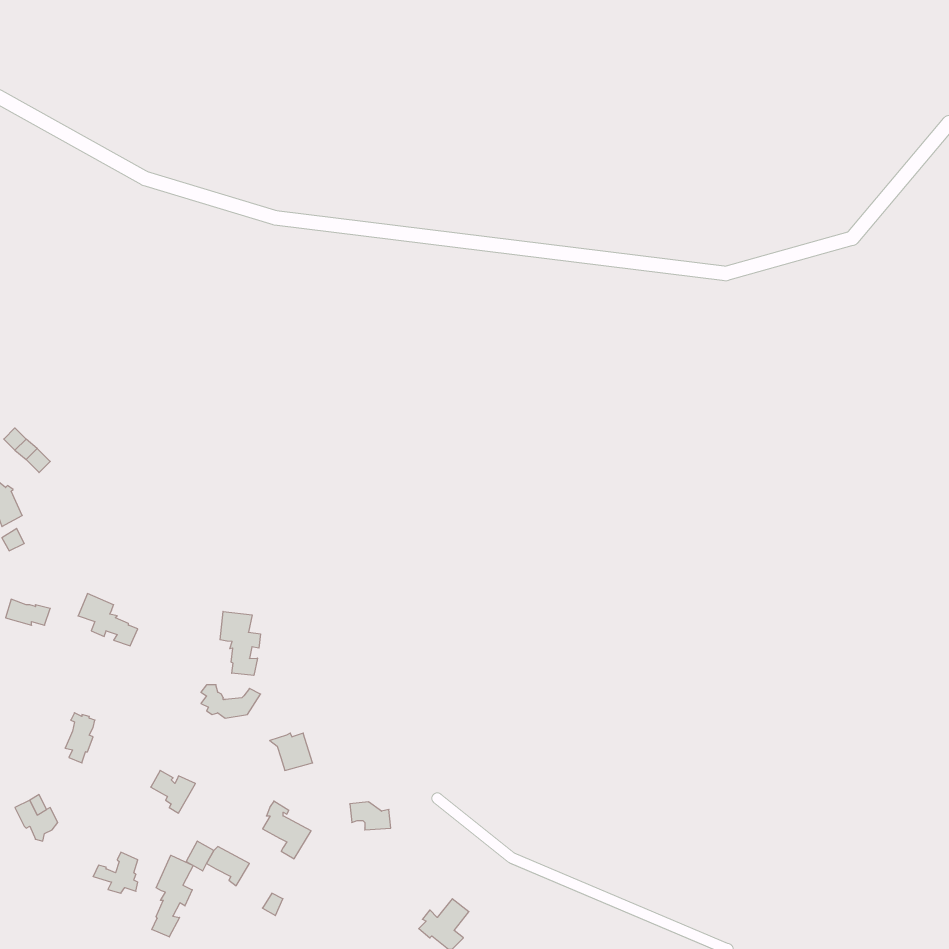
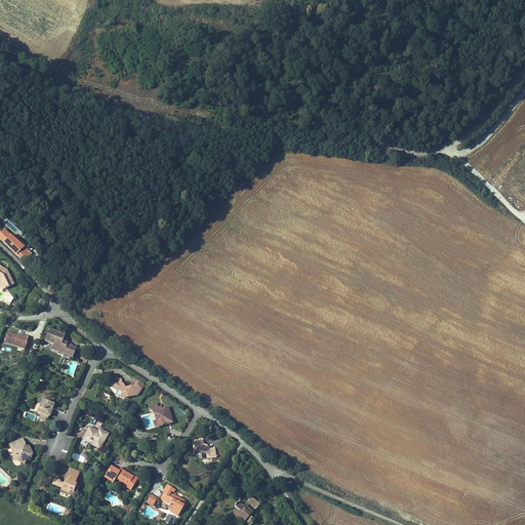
building: [220,611,260,675] -> none
building: [263,801,311,859] -> [159,483,186,515]
building: [152,855,193,937] -> none

